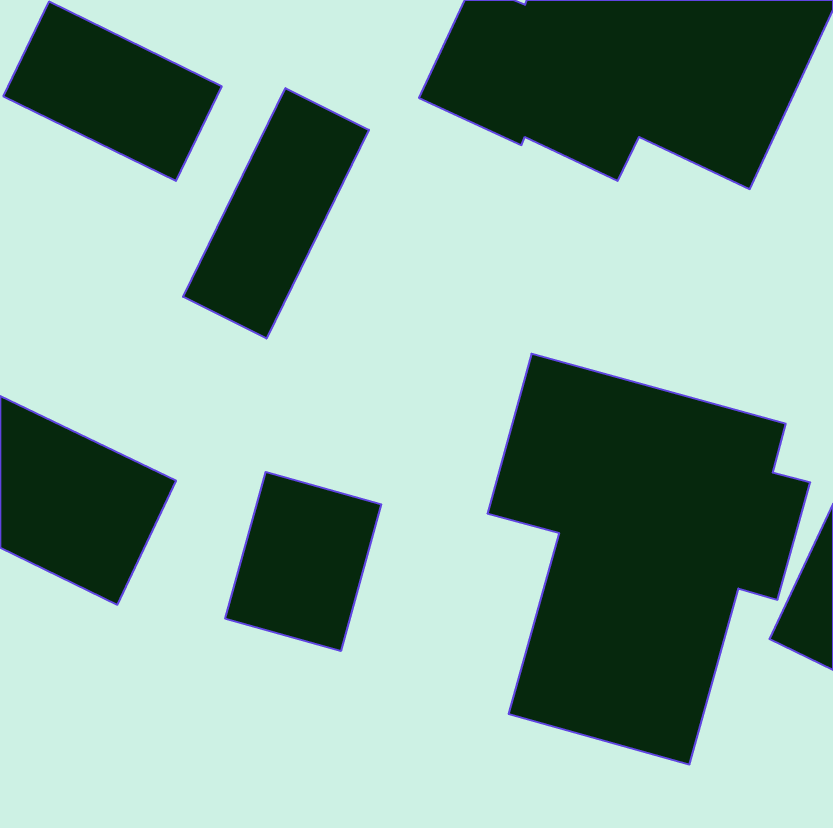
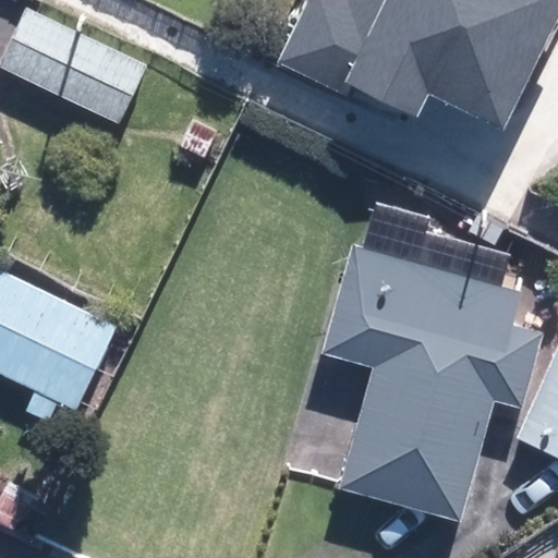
building: [183,88,369,339] -> none
building: [225,472,381,651] -> none

